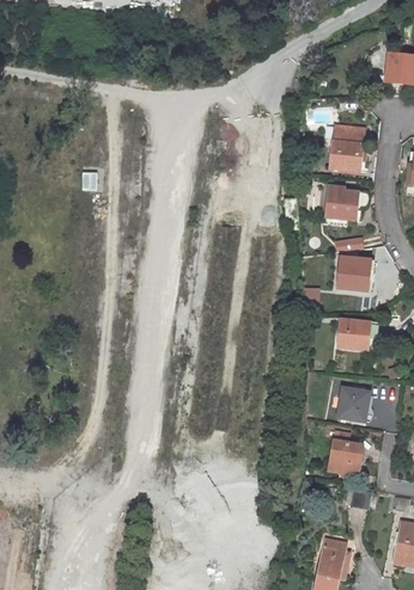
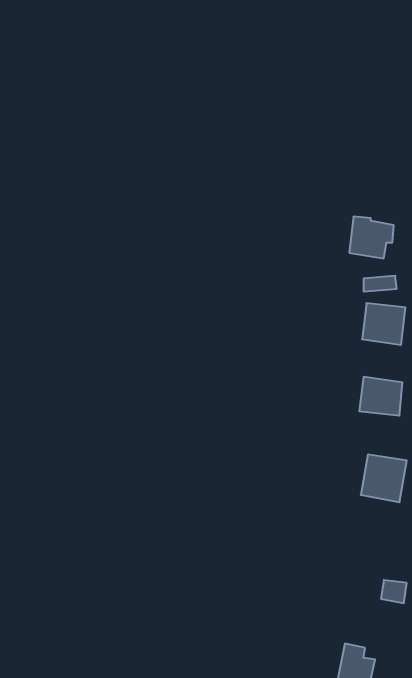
building: [330,127,365,171] -> none
building: [328,436,364,473] -> none

